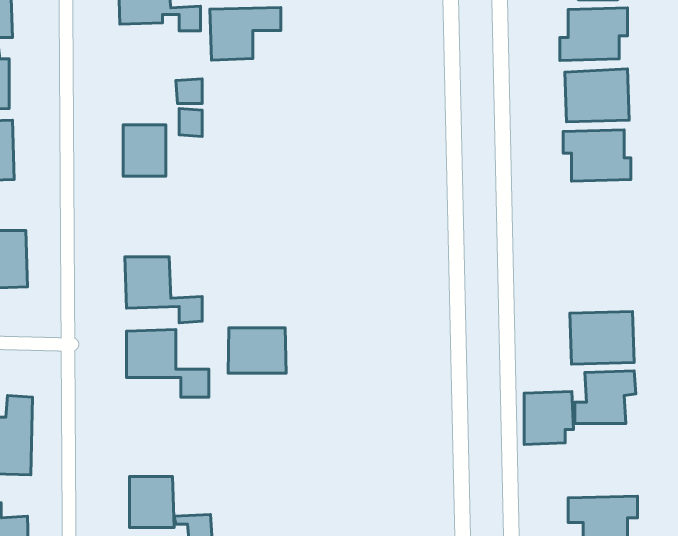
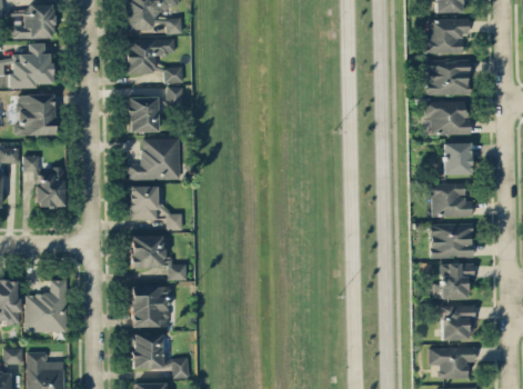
building: [210,8,281,60] -> [127,39,174,74]
building: none -> [128,139,180,180]
building: none -> [443,143,471,176]
building: none -> [426,183,472,218]
building: [228,328,286,373] -> none
building: [524,392,574,444] -> [441,306,474,341]
building: none -> [132,287,170,328]

